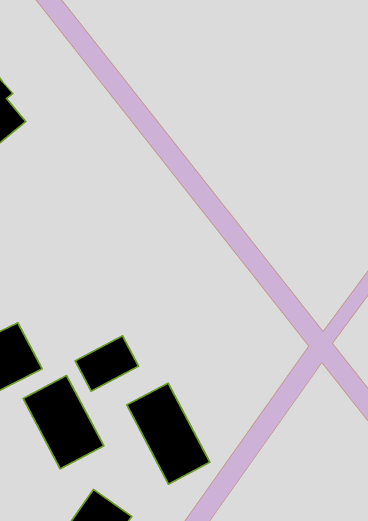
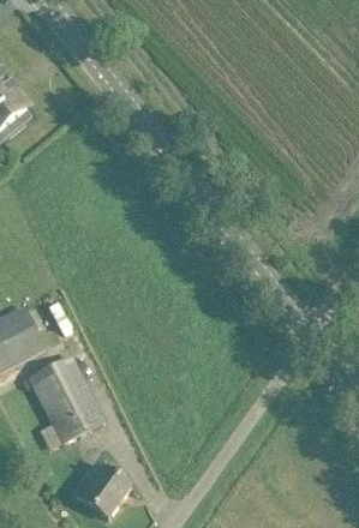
building: [75,336,139,391] -> none
building: [127,383,210,484] -> none

